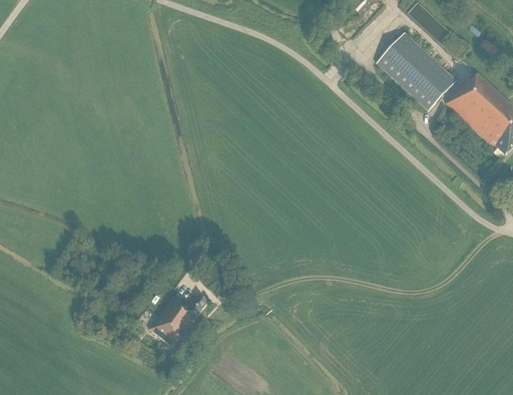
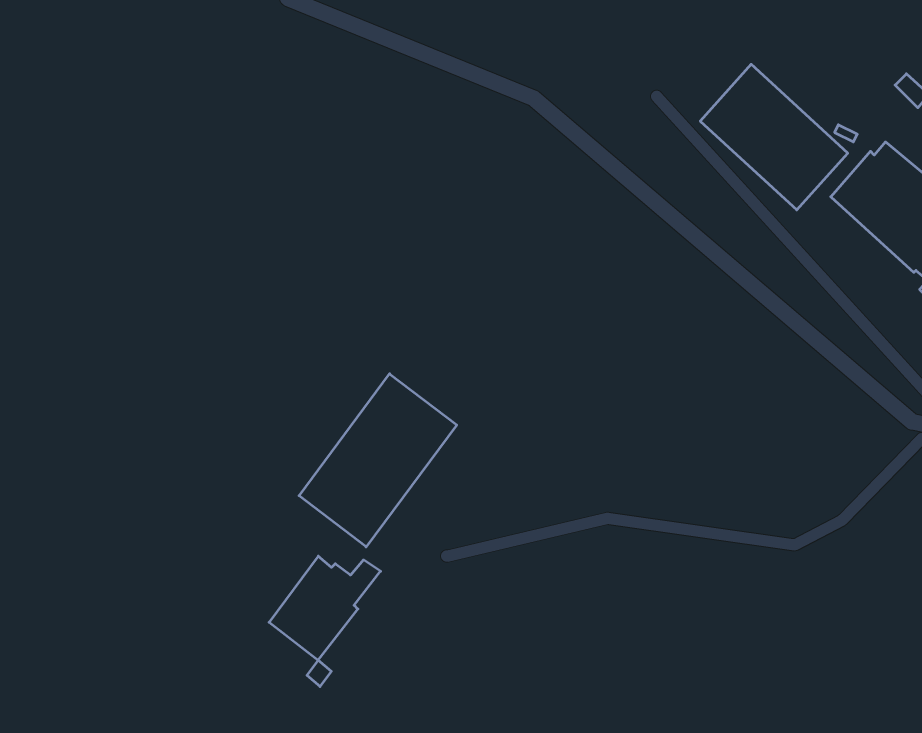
building: none -> [299,374,457,547]

